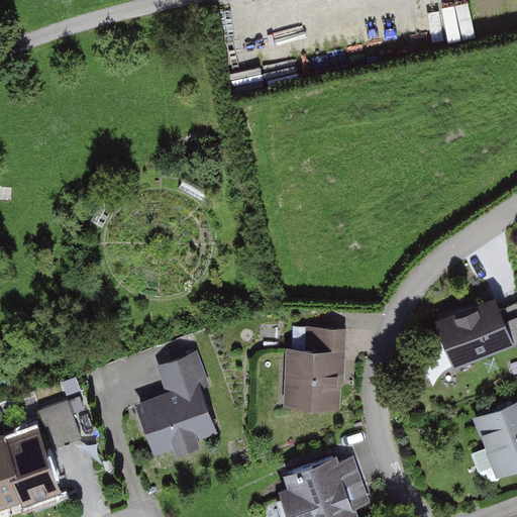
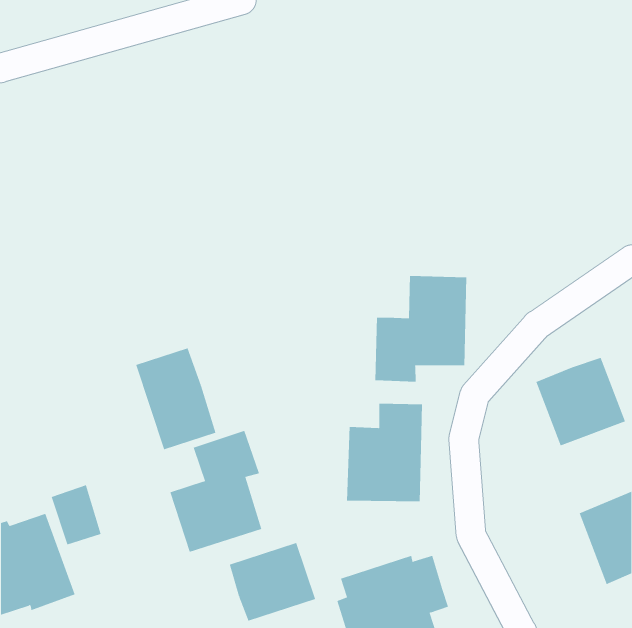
building: none -> [375,275,467,383]
building: none -> [136,347,216,450]
building: none -> [229,542,316,622]

